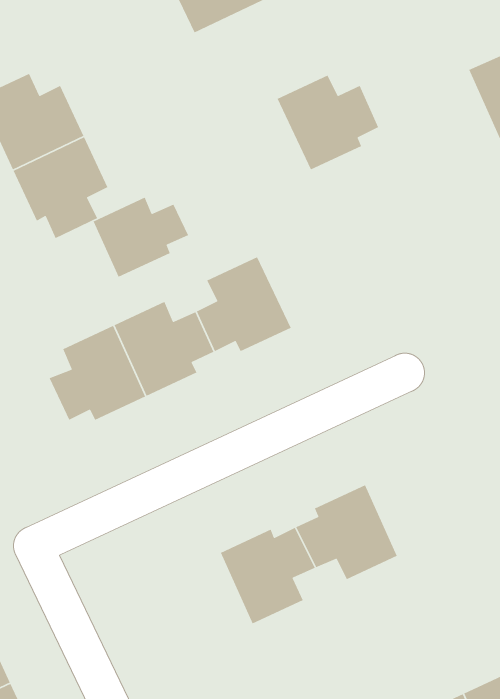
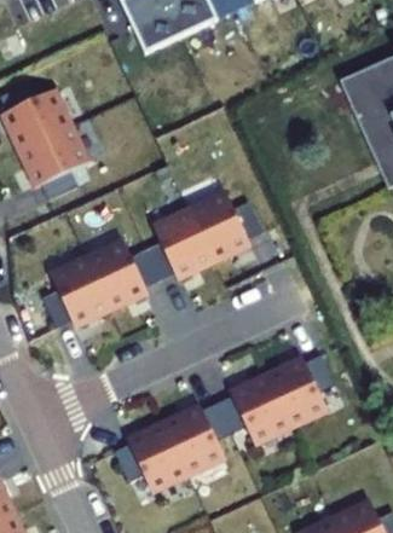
building: [276,74,379,170] -> [191,195,264,262]
building: [92,197,189,278] -> none
building: none -> [267,354,335,423]
building: none -> [116,421,187,488]

